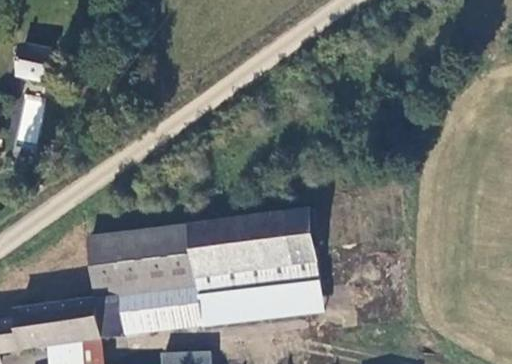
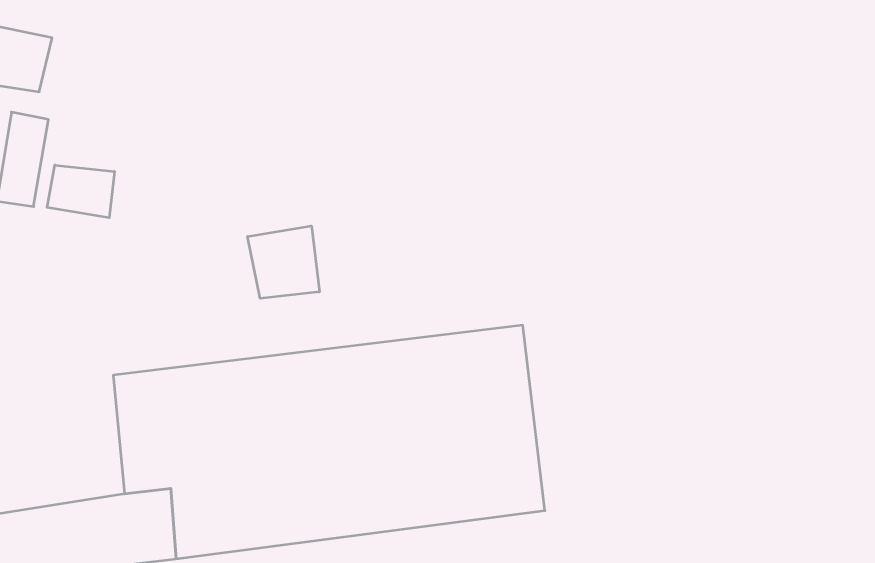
building: none -> [47,165,114,218]
building: none -> [248,226,319,298]

